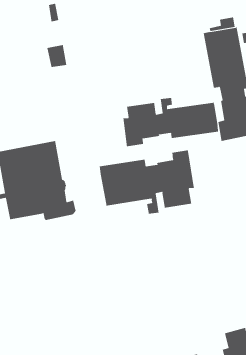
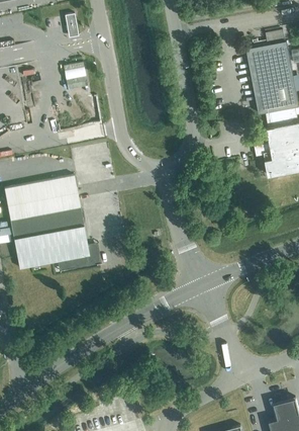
building: [123,97,219,147] -> none
building: [99,149,194,215] -> none

